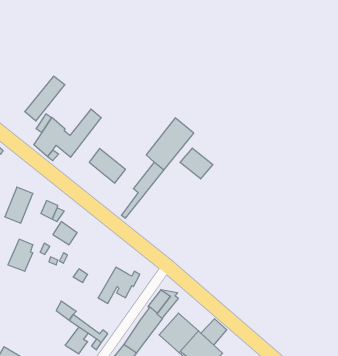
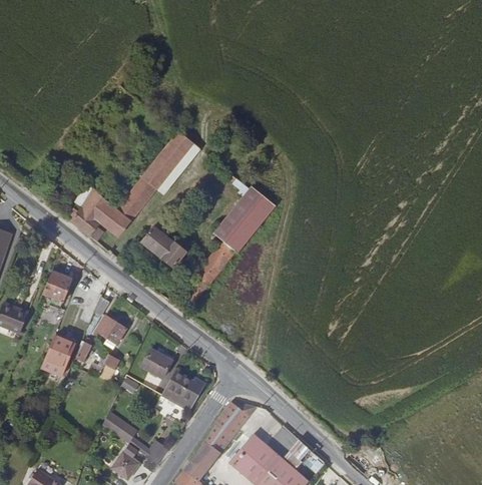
building: [25,76,65,121] -> [144,131,194,187]
building: [180,148,213,179] -> none
building: none -> [141,351,172,381]

